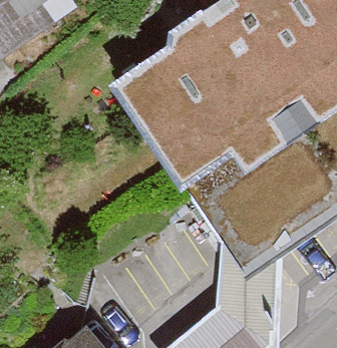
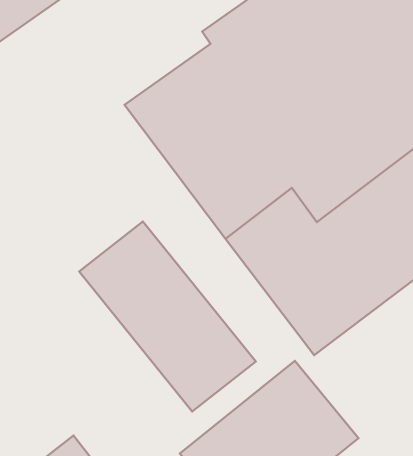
building: none -> [79,221,256,412]

